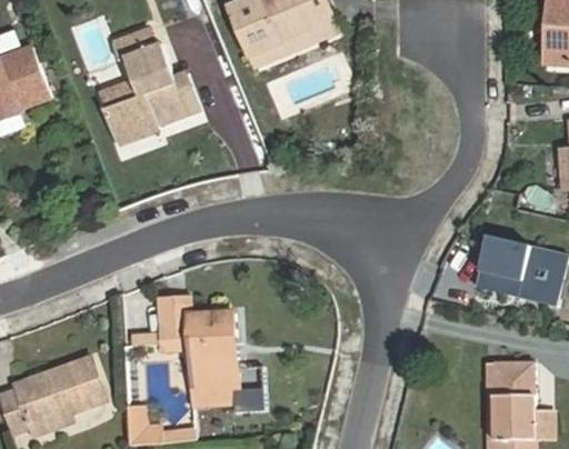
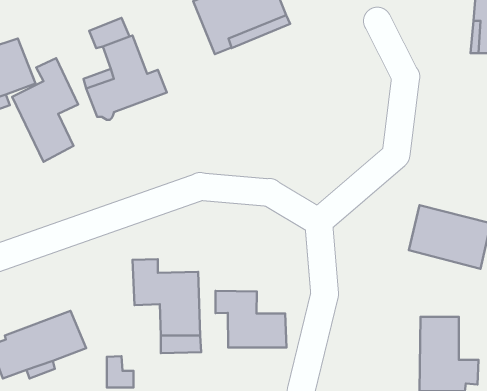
building: none -> [12,58,78,162]
building: none -> [215,291,286,348]

